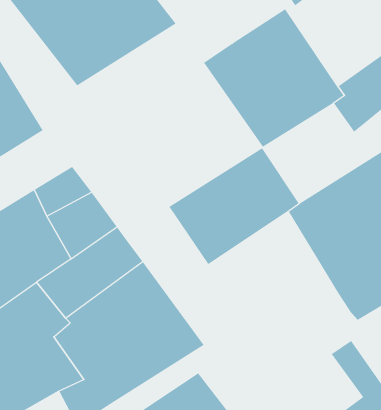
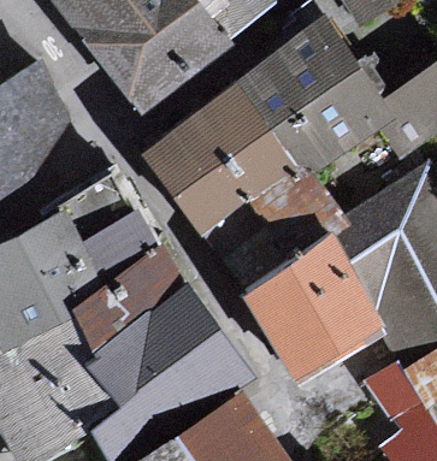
building: none -> [159,79,311,229]
building: none -> [254,234,389,372]

